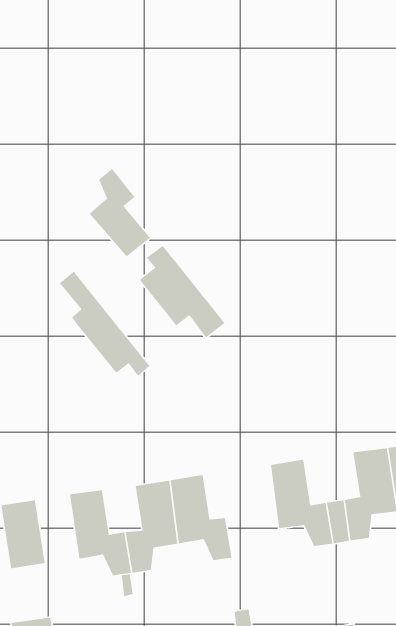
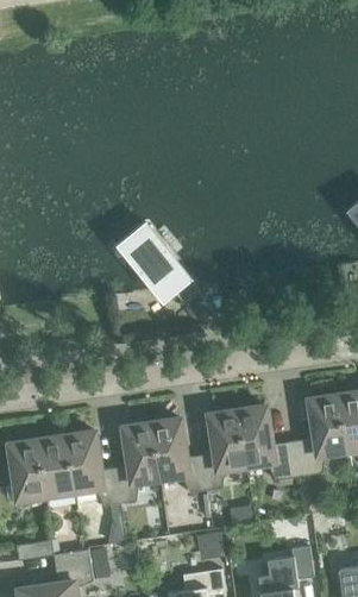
building: [89,168,151,257] -> none
building: [59,271,150,377] -> none
building: none -> [197,410,243,490]
building: none -> [36,435,73,495]

